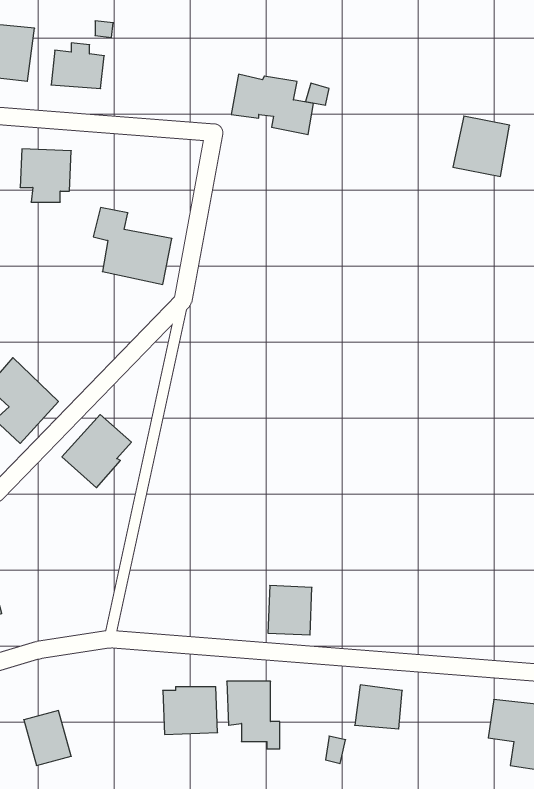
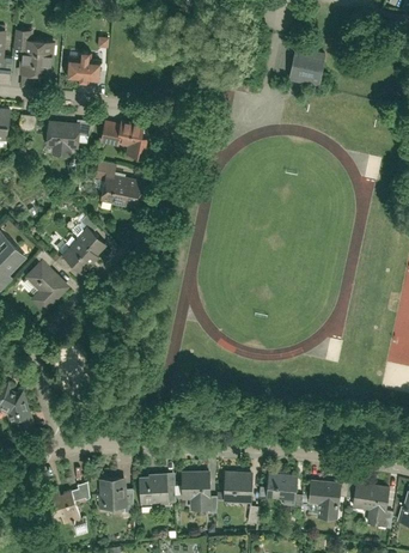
building: [231,74,314,135] -> [100,118,154,158]
building: [453,116,510,176] -> [288,48,325,87]
building: [62,415,131,488] -> [61,227,106,275]
building: [268,586,312,635] -> [224,472,252,504]
building: none -> [98,479,127,509]
building: none -> [309,480,342,519]

